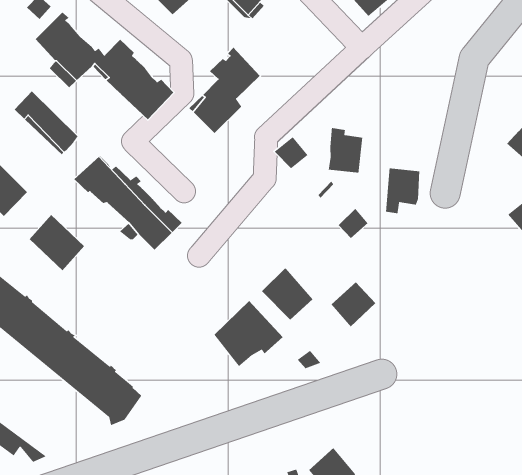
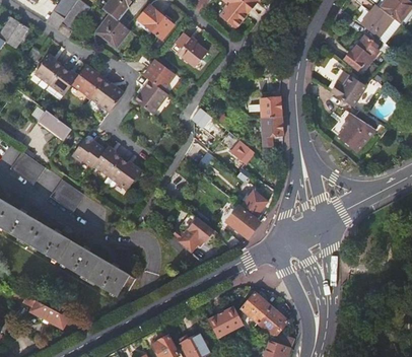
building: none -> [176,32,209,67]
building: [328,127,363,173] -> [260,91,281,118]
building: [261,268,314,321] -> [226,206,259,237]

